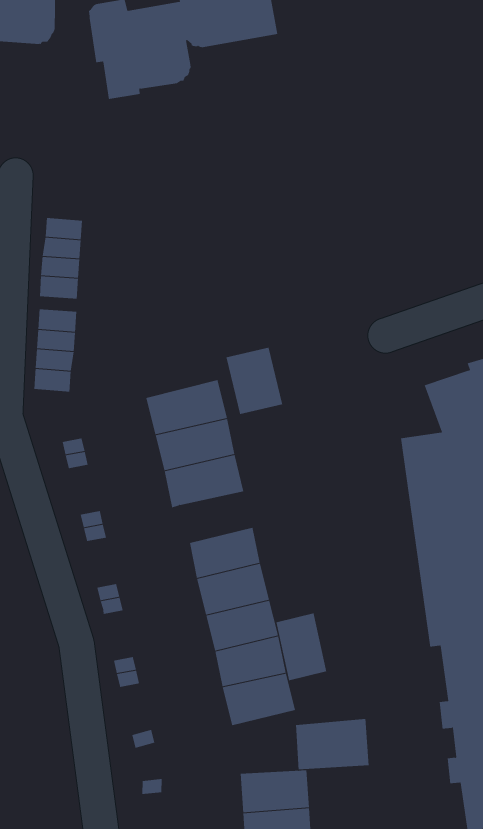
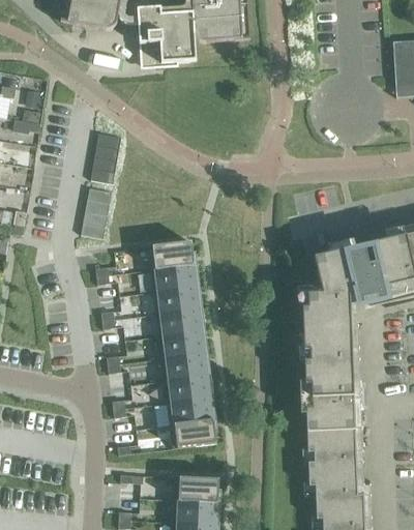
building: [226,347,283,415] -> none
building: none -> [160,308,203,335]
building: [276,612,327,681] -> none
building: [295,718,369,770] -> none

